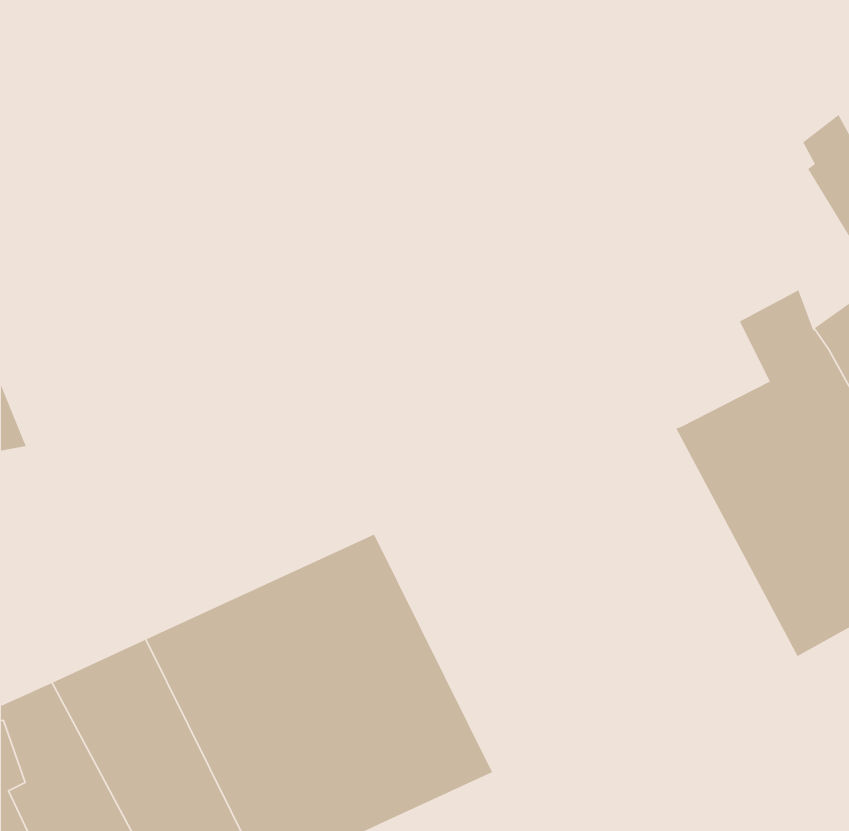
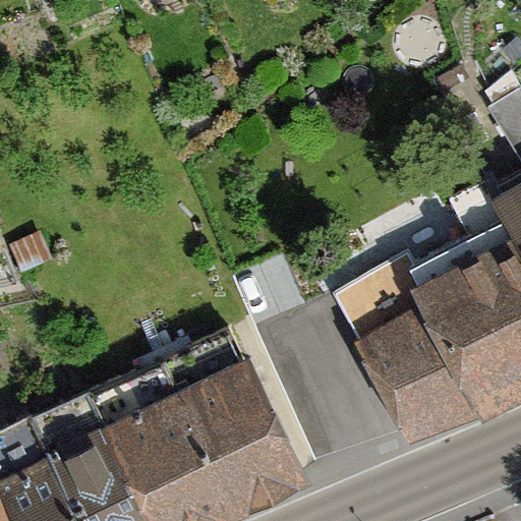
building: none -> [339,262,488,442]

